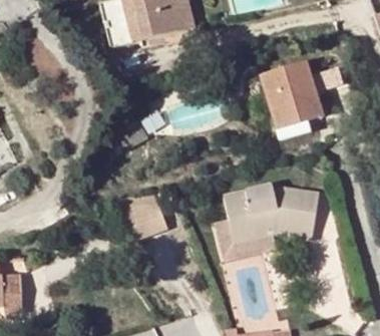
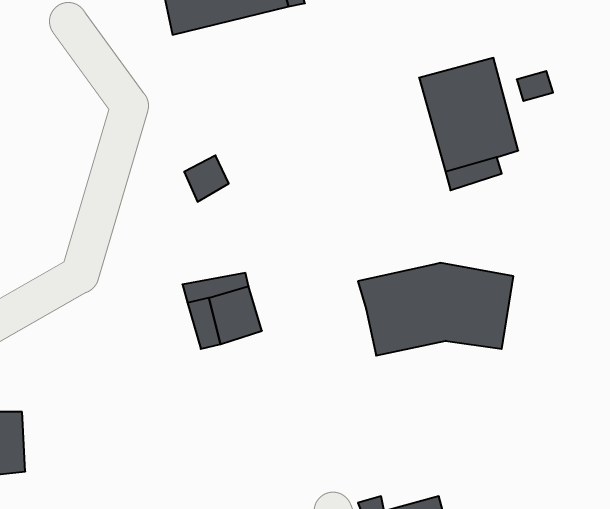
building: [216,213,311,260] -> none

